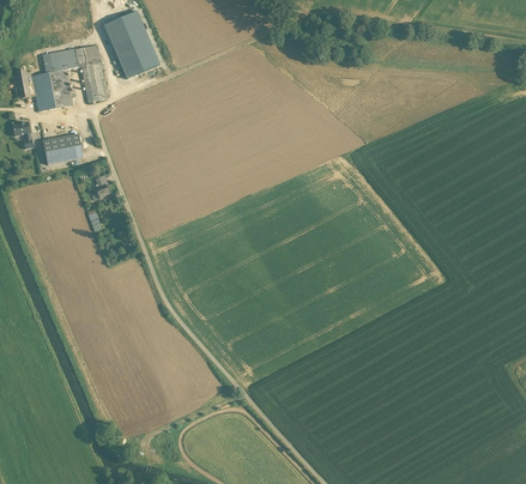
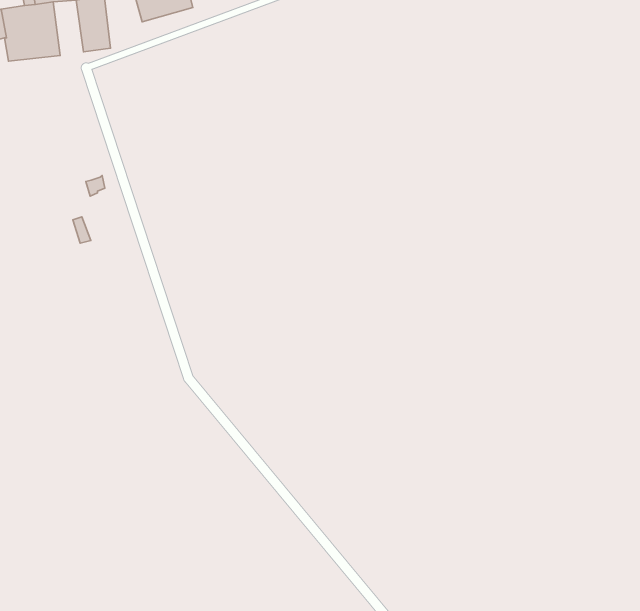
building: [41,133,80,164] -> none

